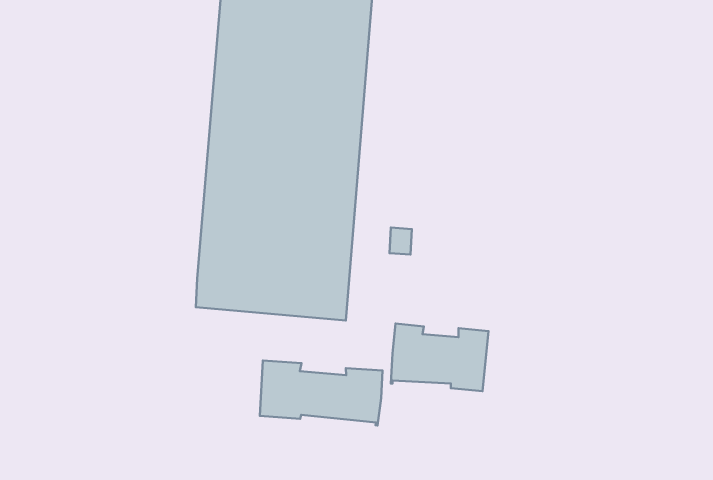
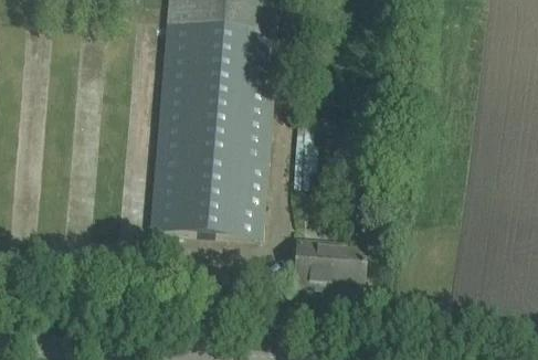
building: [260,361,383,425] -> none

